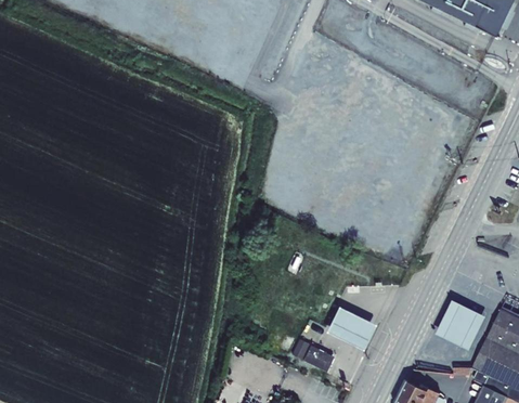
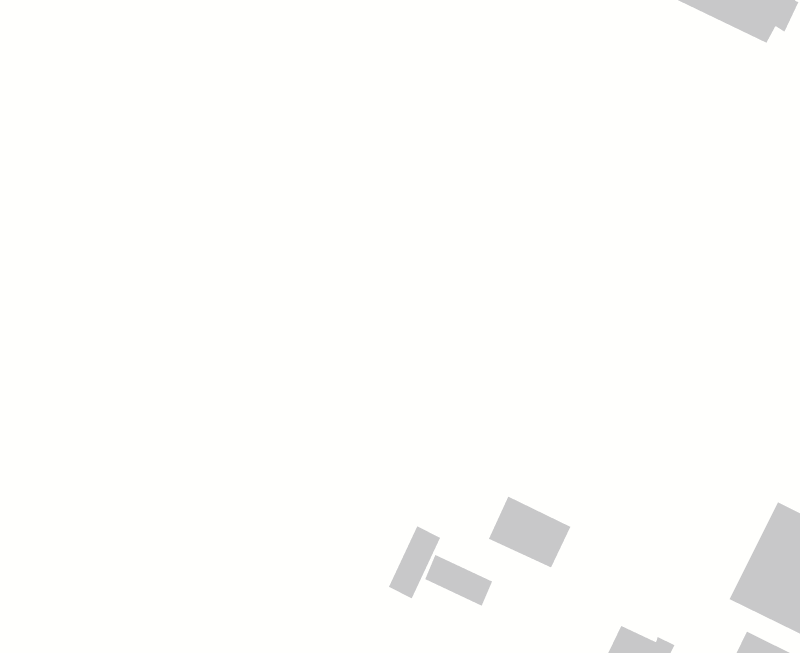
building: [430,299,490,354] -> none
building: none -> [388,525,441,600]

